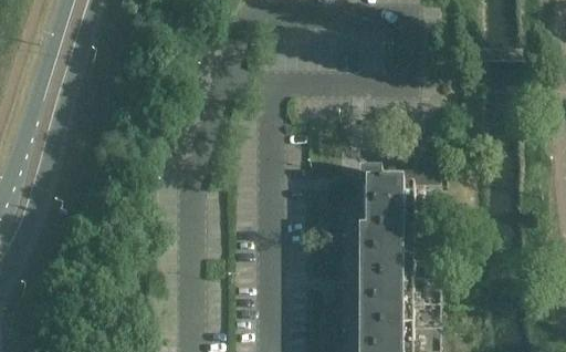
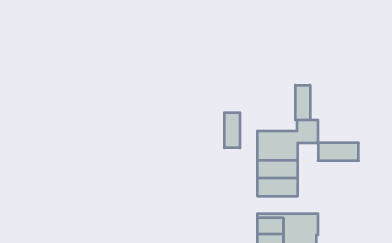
building: none -> [295,85,310,120]
building: none -> [224,113,240,148]
building: [347,261,400,284] -> [318,143,359,161]

